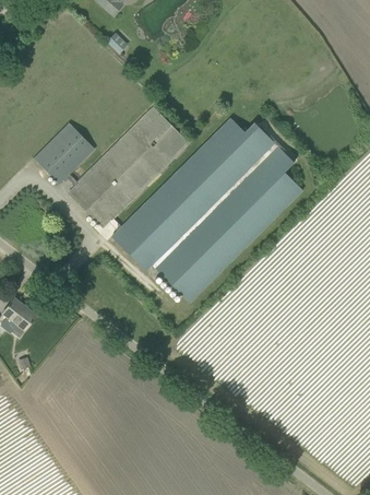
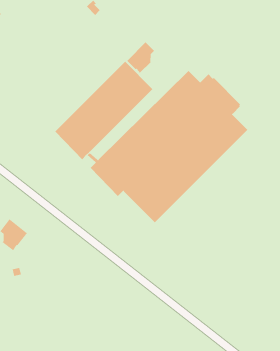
building: none -> [126,42,155,74]
building: [34,122,95,186] -> none

